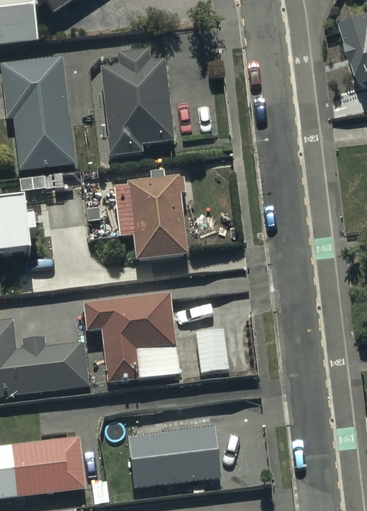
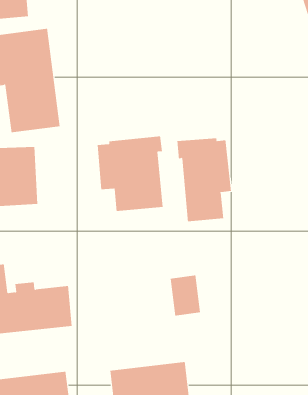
building: [101,49,172,156] -> none
building: none -> [177,137,231,222]
building: [81,293,179,383] -> none

